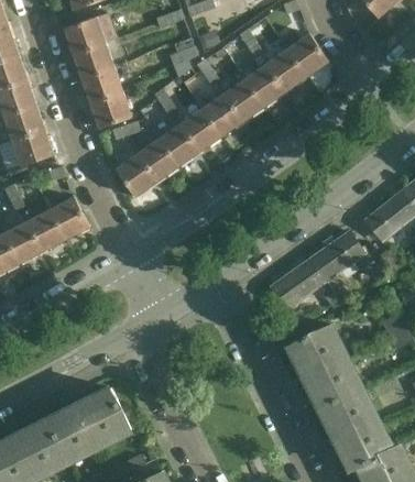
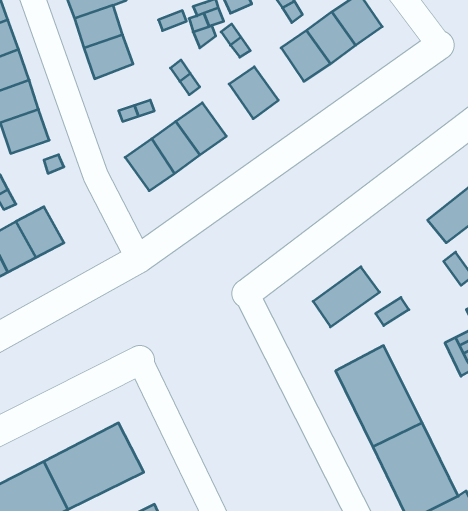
building: [222,79,263,122] -> none
building: [90,92,131,129] -> none
building: [179,109,221,152] -> none
building: [48,197,89,240] -> none
building: [310,232,363,281] -> none

